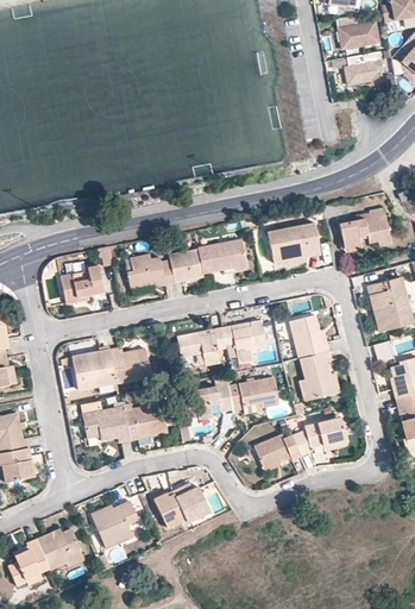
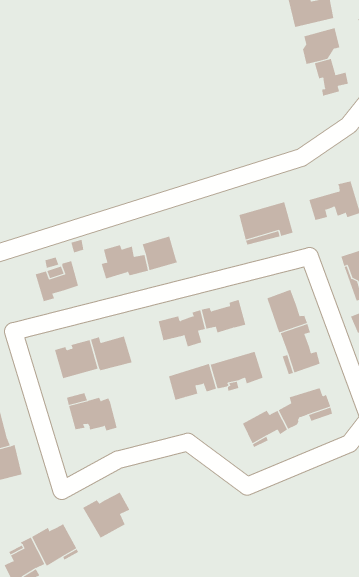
building: none -> [314,58,348,97]
building: [199,240,249,274] -> none
building: [126,401,169,438] -> none
building: [153,483,197,527] -> none

